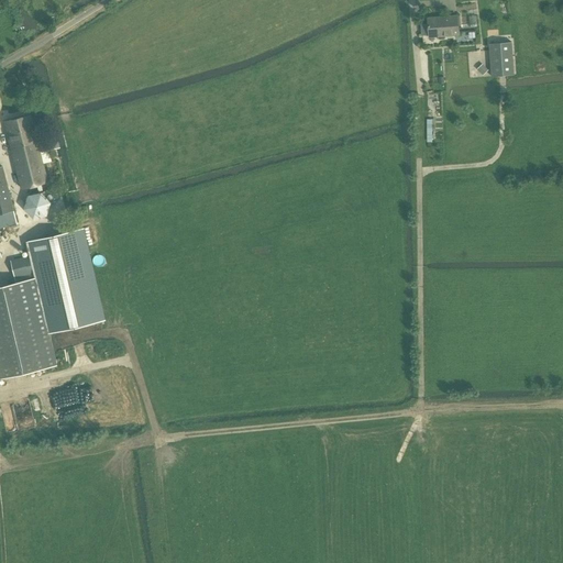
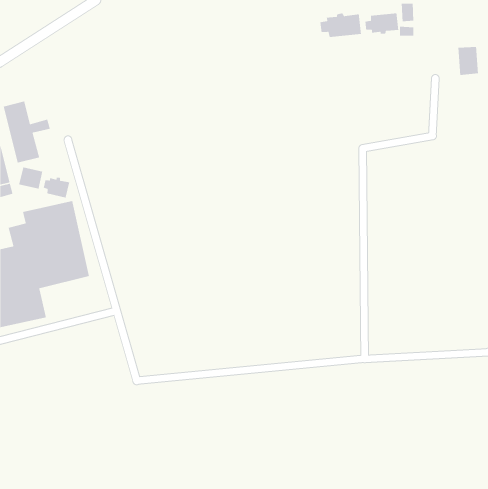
building: none -> [320,13,362,38]
building: [488,43,512,77] -> [458,46,479,76]
building: none -> [43,177,70,198]

